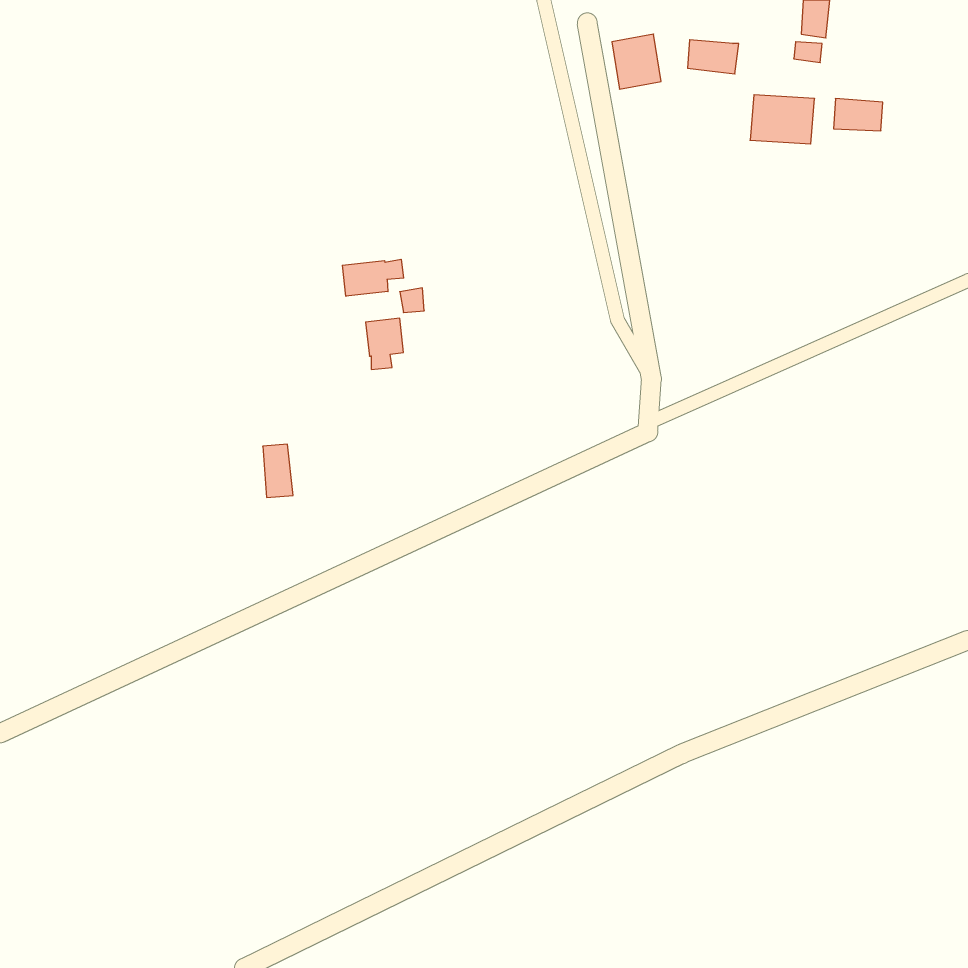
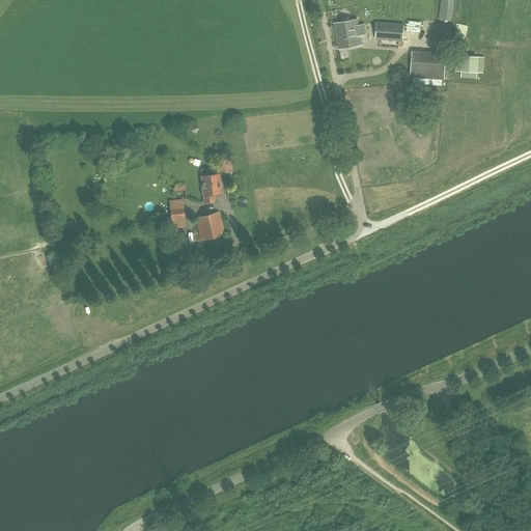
building: [342,259,404,296] -> none
building: none -> [195,211,225,242]
building: [263,444,293,497] -> [169,199,186,228]

